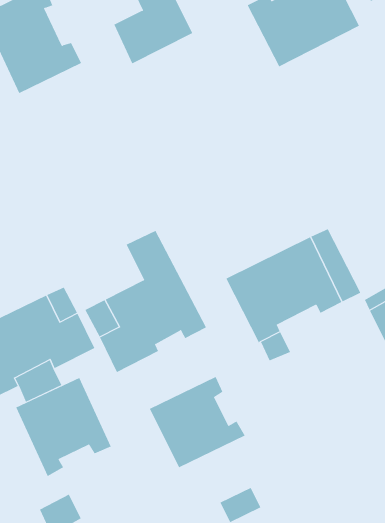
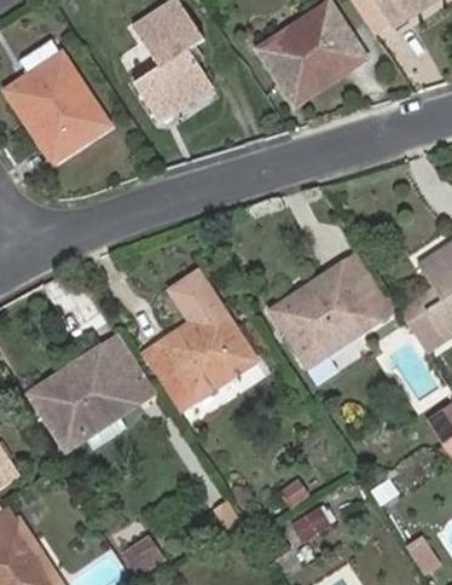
building: [149,376,245,468] -> none
building: [15,377,111,477] -> none

